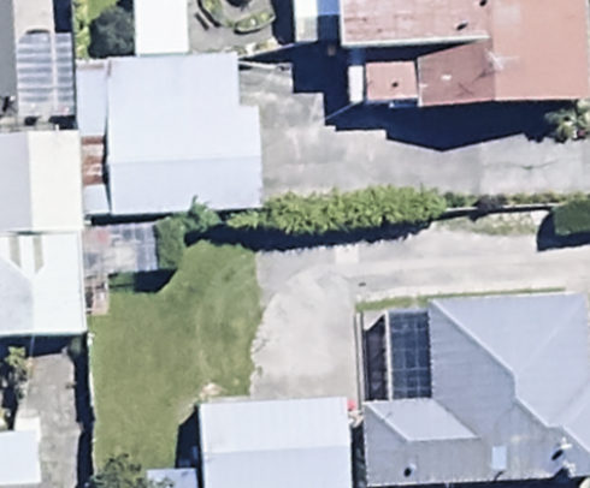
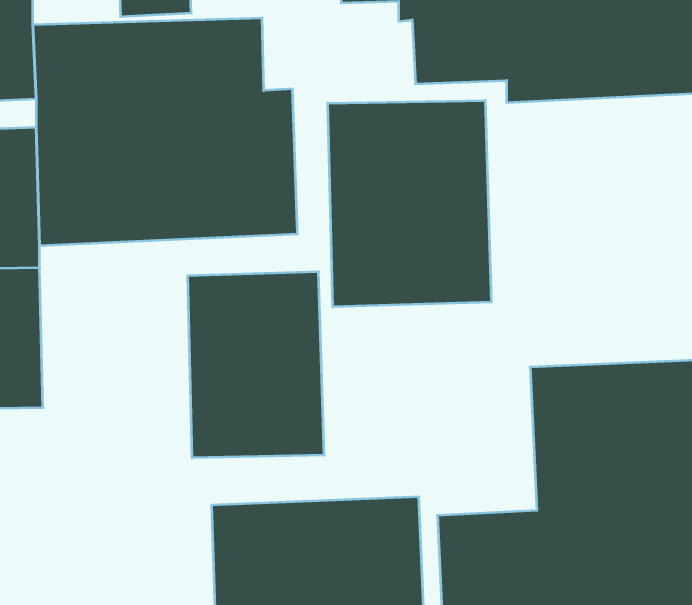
building: none -> [328,100,491,307]
building: none -> [188,272,324,458]

